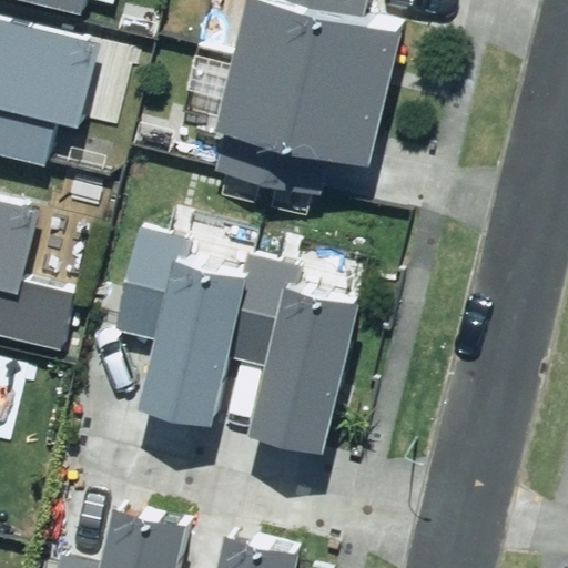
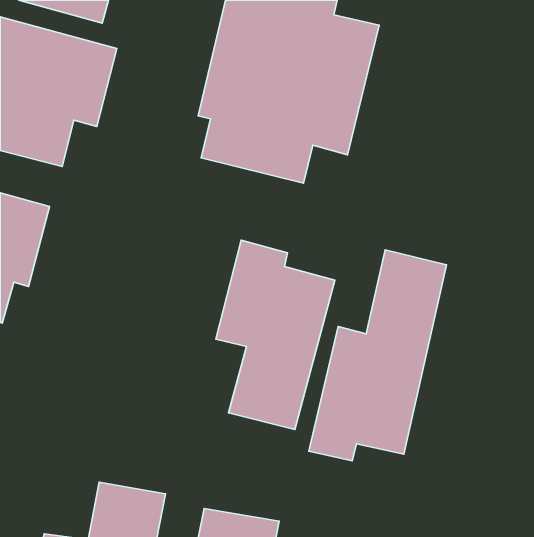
building: [115,225,242,415] -> none
building: none -> [309,250,447,461]

